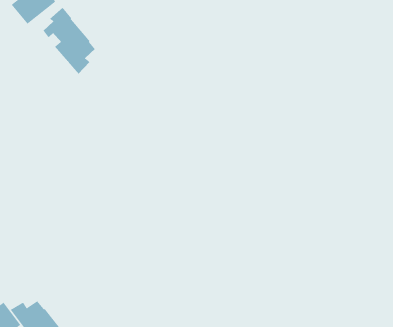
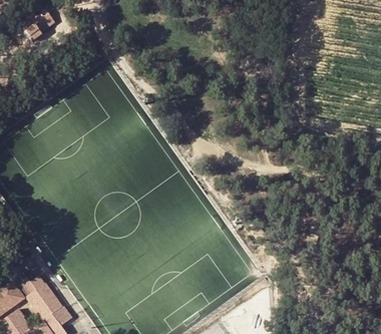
building: [43,7,95,74] -> none

